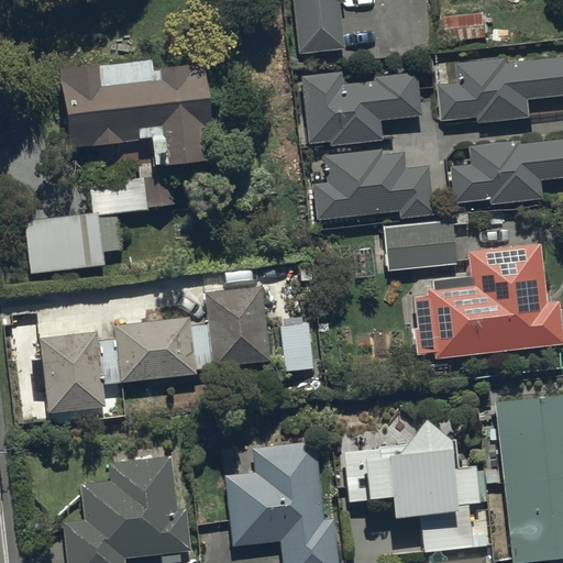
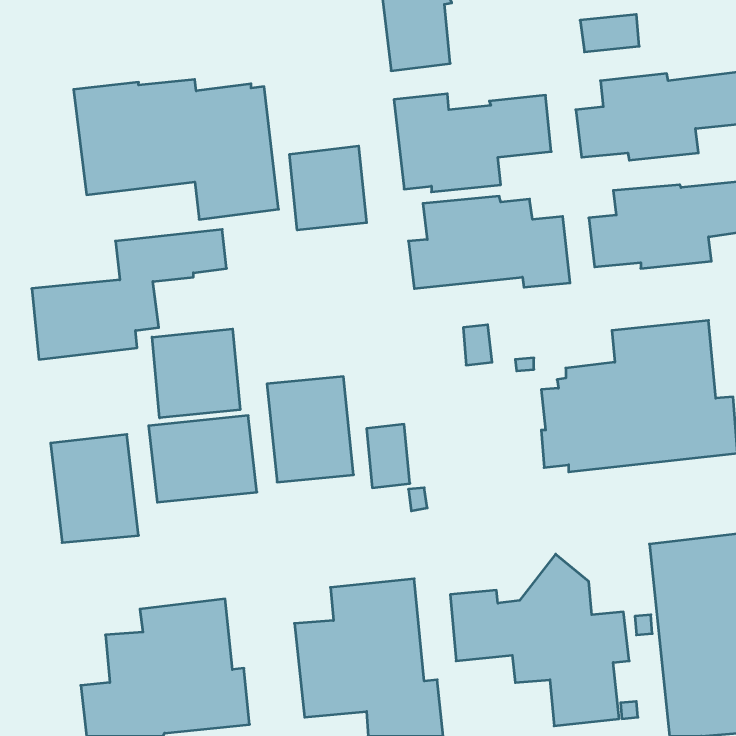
building: none -> [290,146,367,230]
building: [385,220,456,272] -> none
building: none -> [152,329,240,418]

